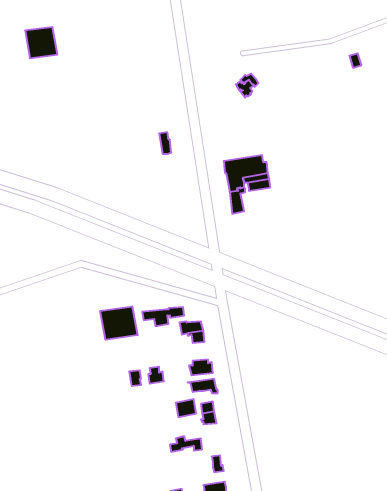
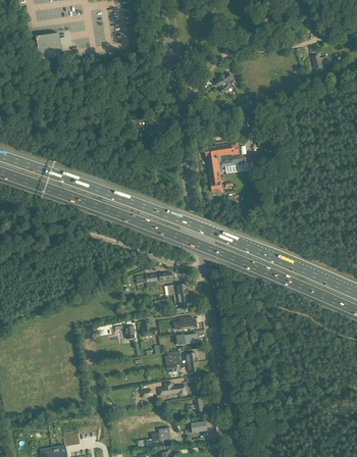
building: [100,306,138,340] -> none

